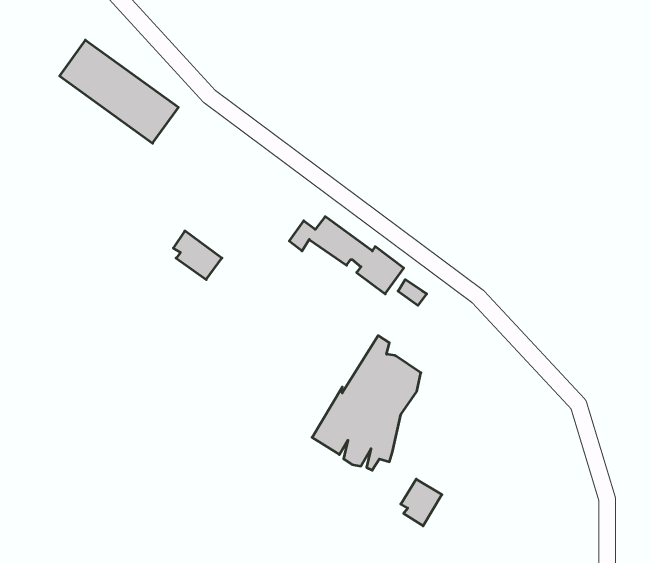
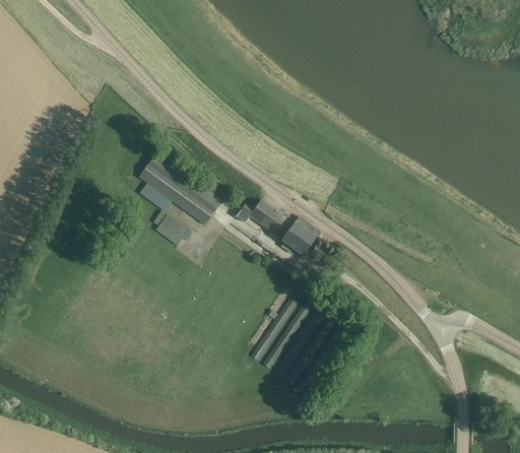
building: [60,40,178,143] -> [137,152,221,225]
building: [401,479,442,526] -> none

